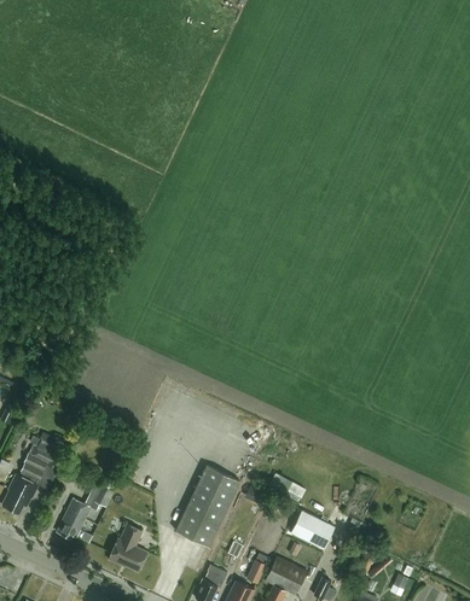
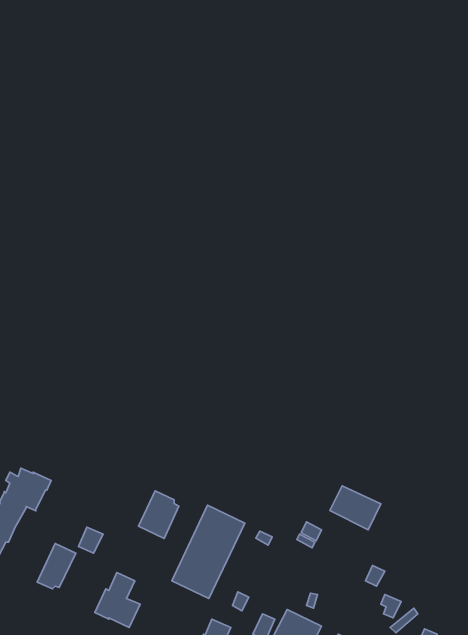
building: none -> [138,491,179,538]
building: [290,510,335,549] -> [330,486,381,530]

